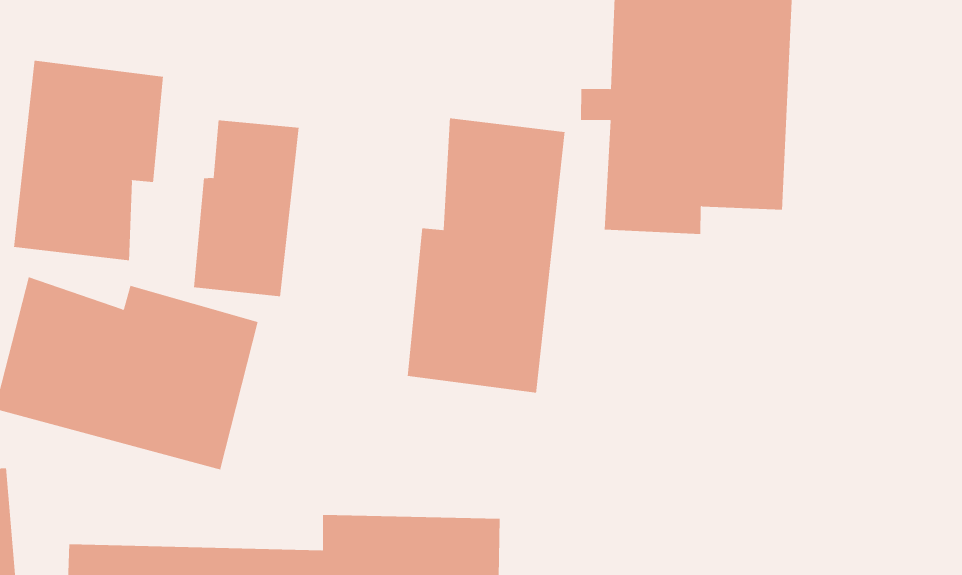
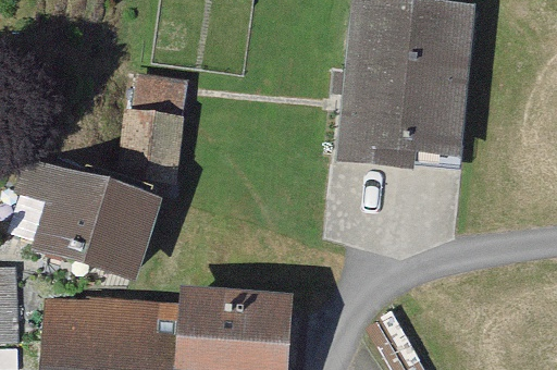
building: [14,60,164,261] -> none
building: [407,117,565,393] -> none

